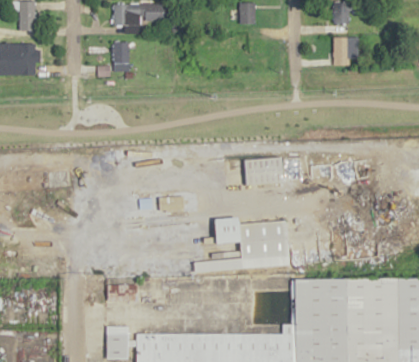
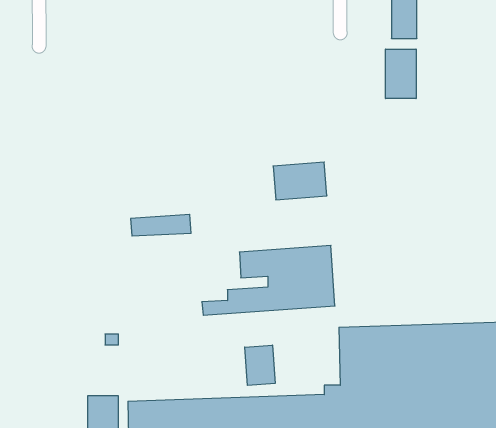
building: [112,42,128,72] -> none
building: none -> [386,49,416,99]
building: none -> [245,345,275,385]

